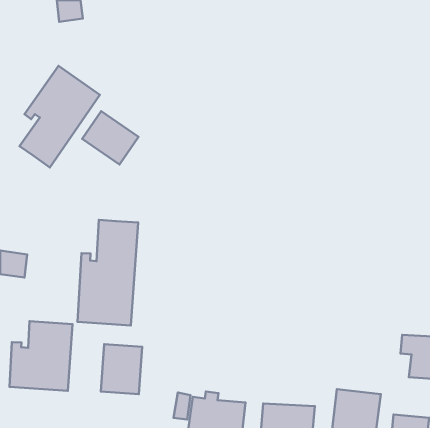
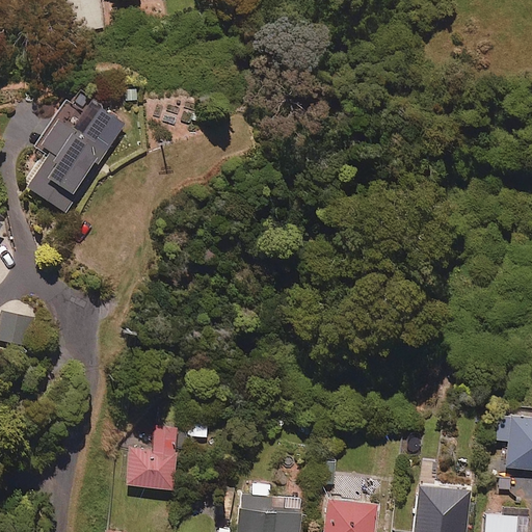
building: [82,111,139,164] -> none
building: [77,220,138,325] -> none
building: [9,321,72,391] -> none

